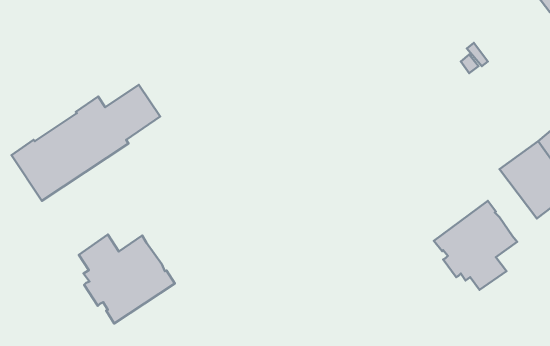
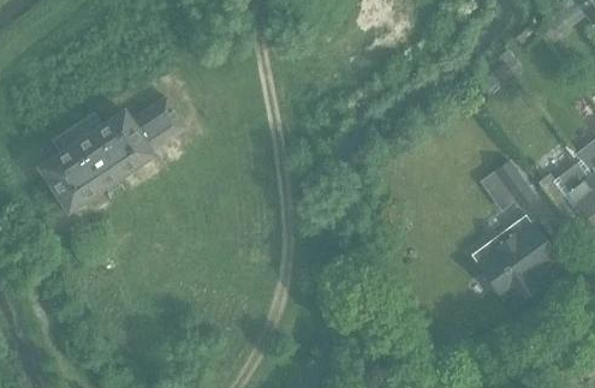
building: none -> [481,156,539,209]
building: [79,234,175,323] -> none

